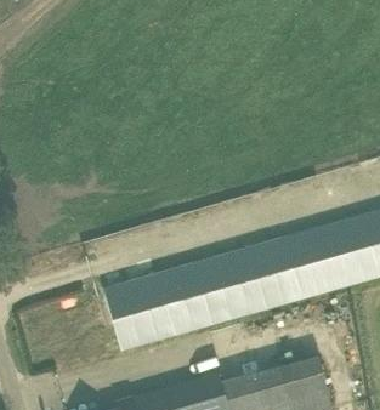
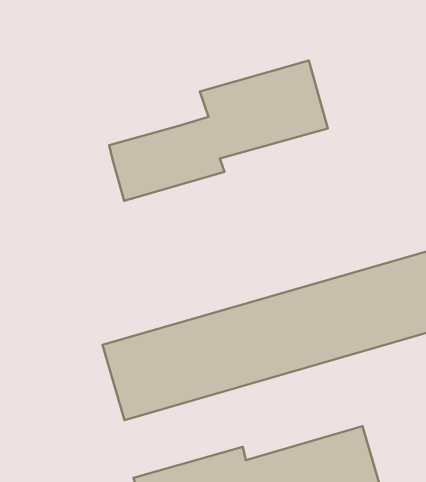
building: none -> [109,61,328,201]

